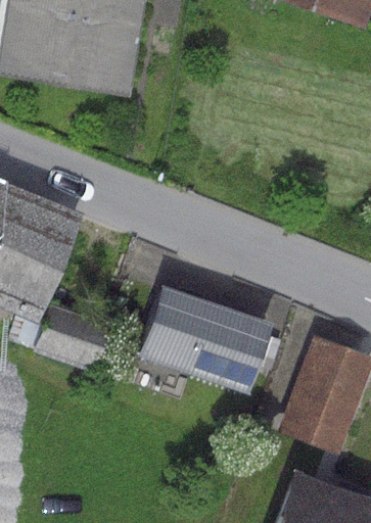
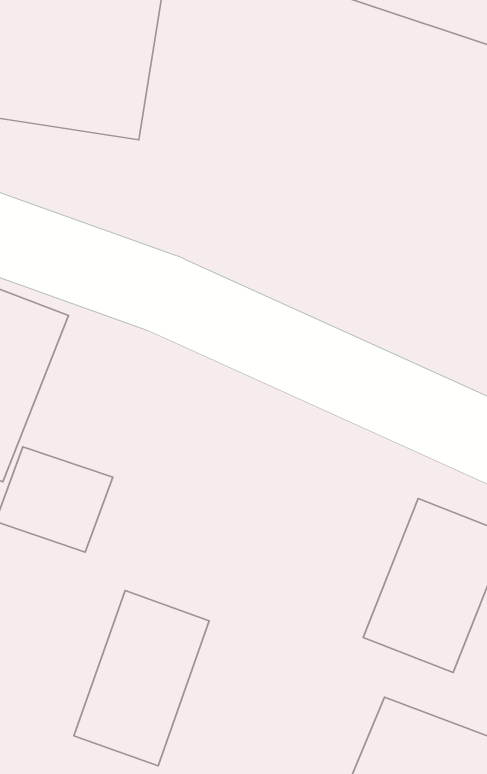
building: [137,284,273,394] -> none
building: none -> [74,591,209,766]

